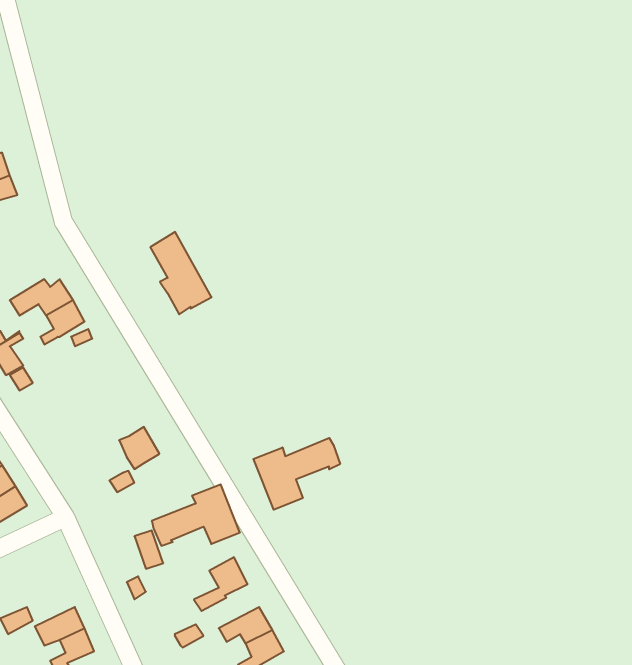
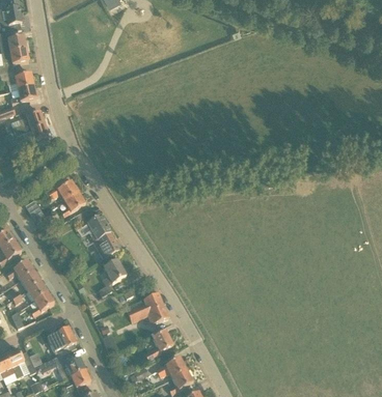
building: [150,232,212,314] -> [87,214,120,258]
building: [253,438,340,510] -> none
building: none -> [47,325,77,357]

